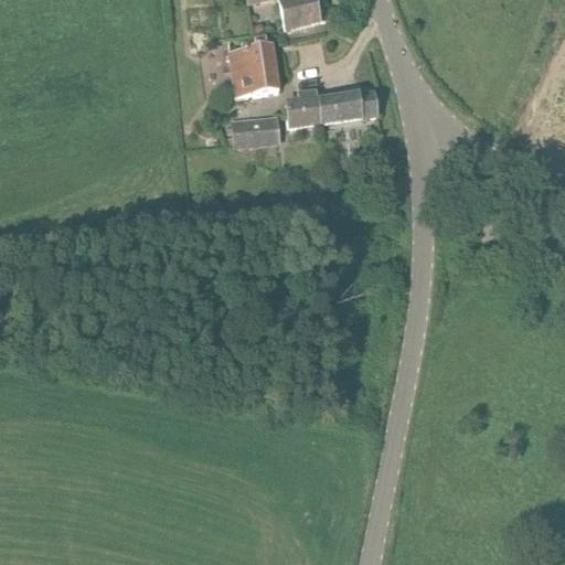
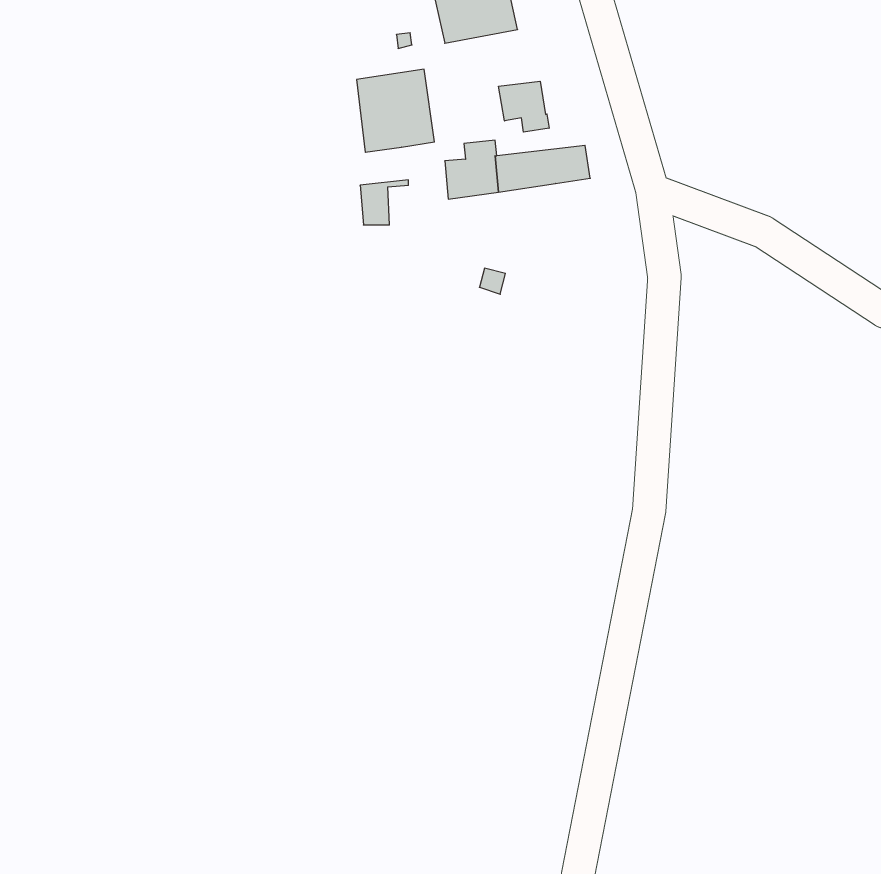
building: none -> [499,81,549,132]
building: [234,114,280,147] -> none

